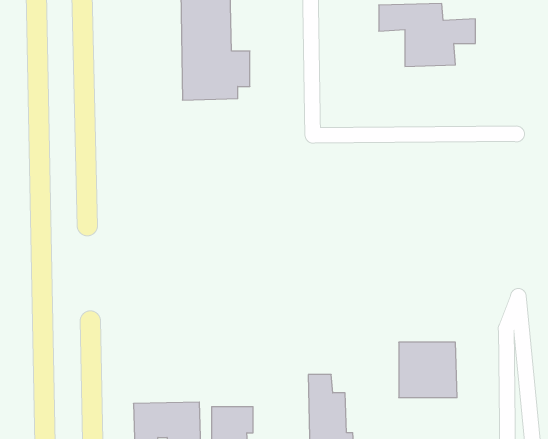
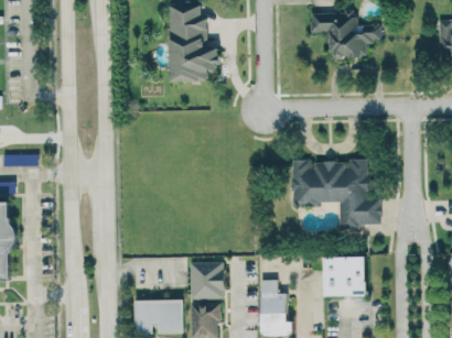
building: none -> [292,159,380,229]
building: none -> [190,262,224,298]

